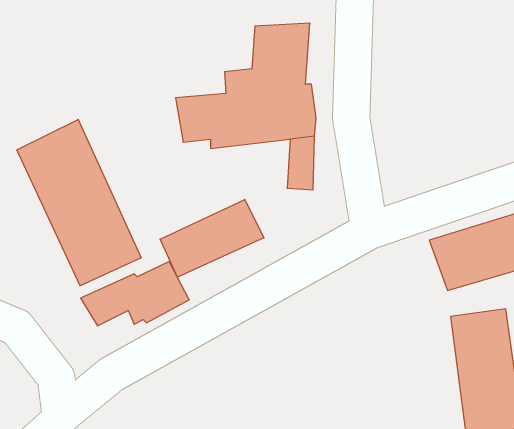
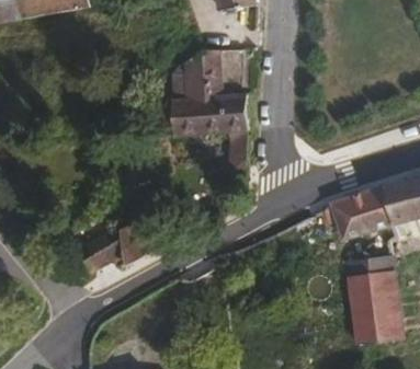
building: [17,119,141,286] -> none
building: [160,199,264,277] -> none

